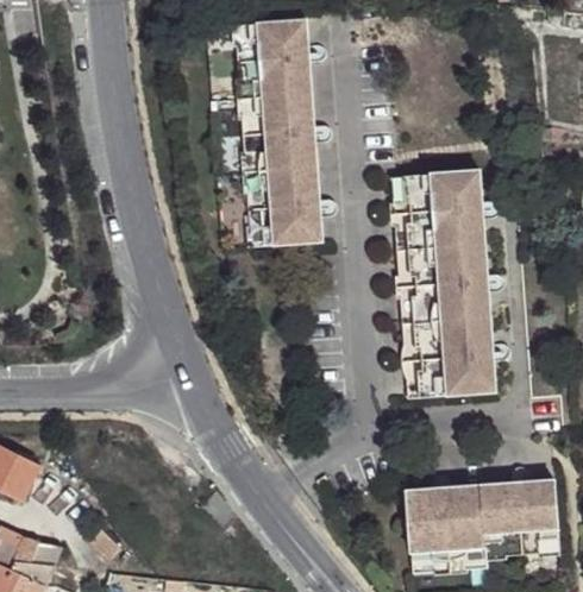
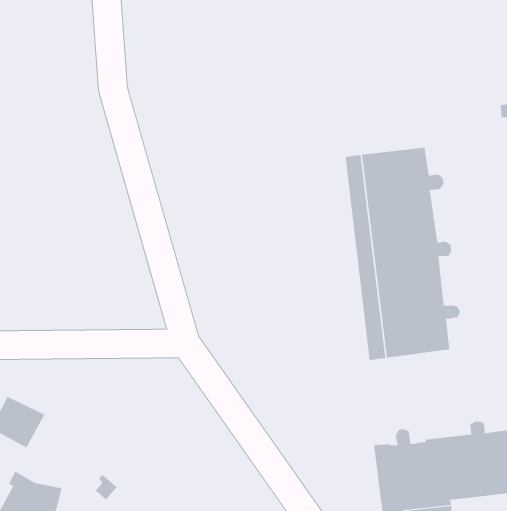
building: [225,19,333,250] -> none

